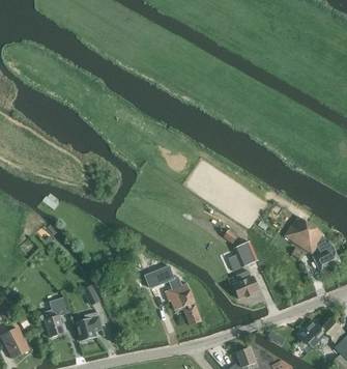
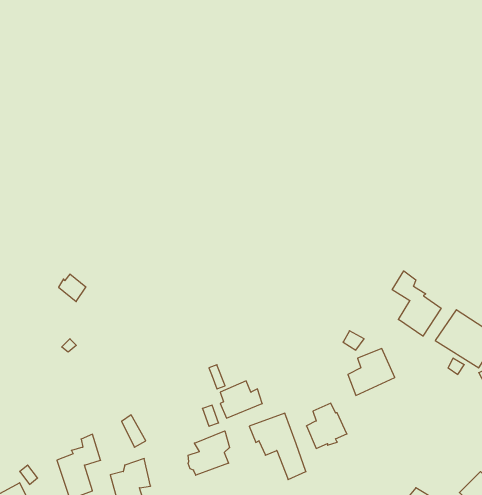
building: none -> [392,271,441,336]
building: [233,271,259,300] -> [306,403,347,448]
building: none -> [188,431,230,475]

